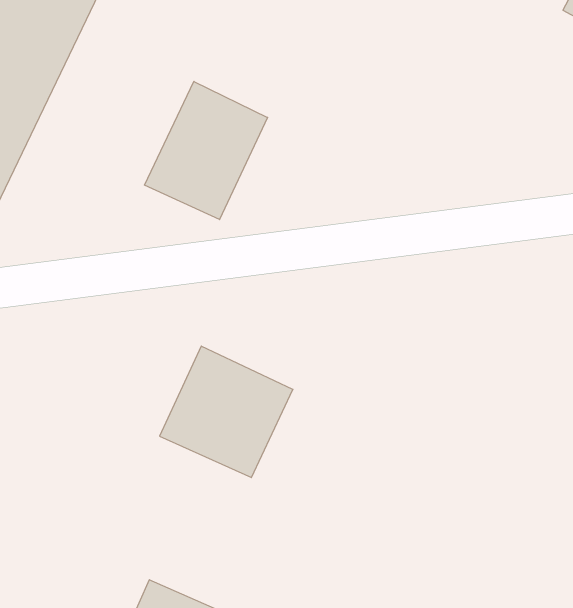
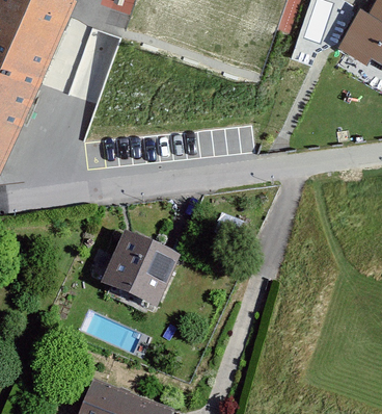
building: [145,81,268,220] -> none

